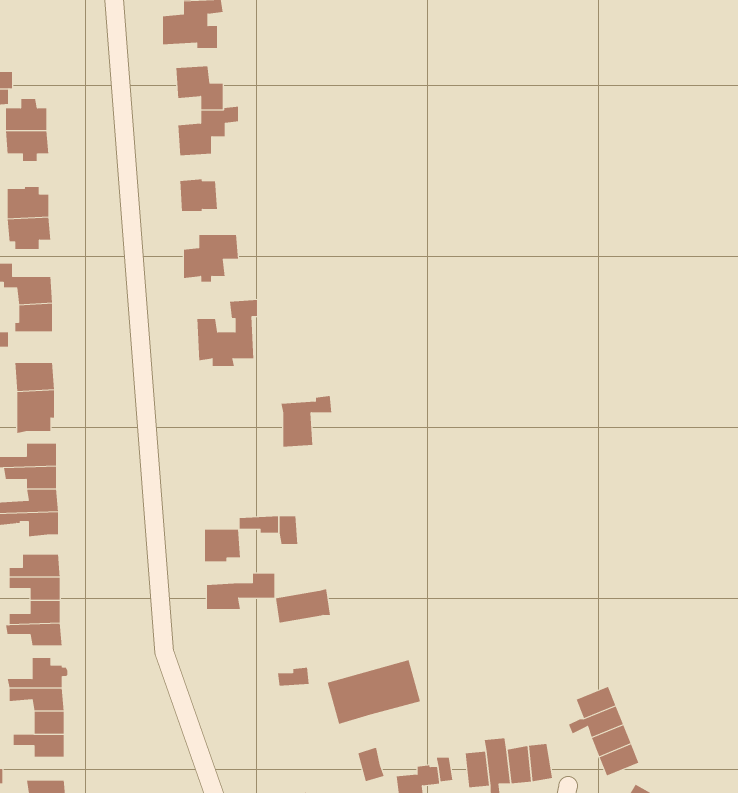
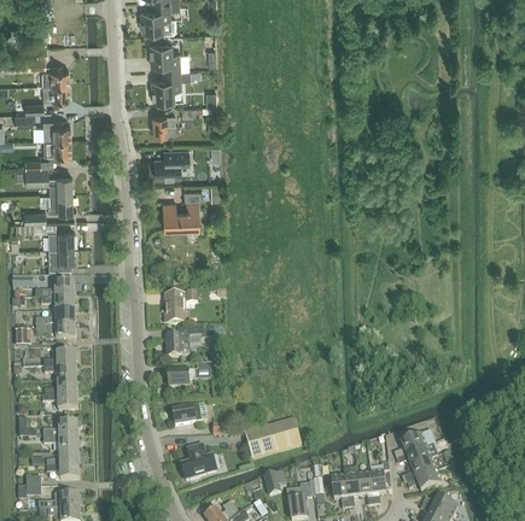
building: [281,395,332,447] -> [164,289,197,322]
building: [275,589,331,623] -> [171,402,206,423]
building: none -> [180,443,216,478]

